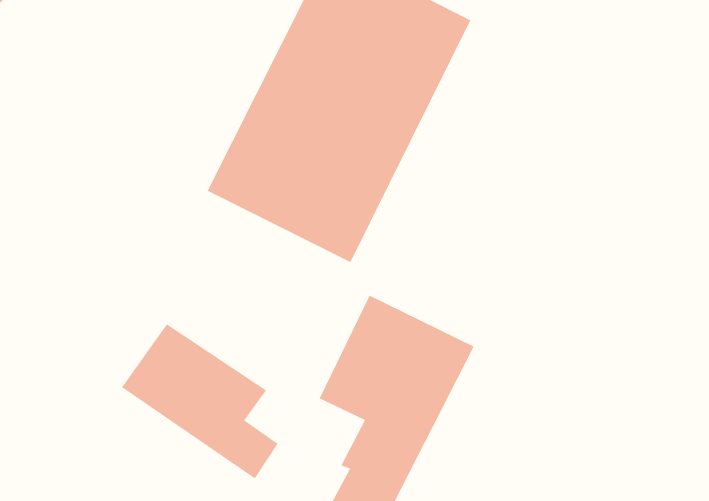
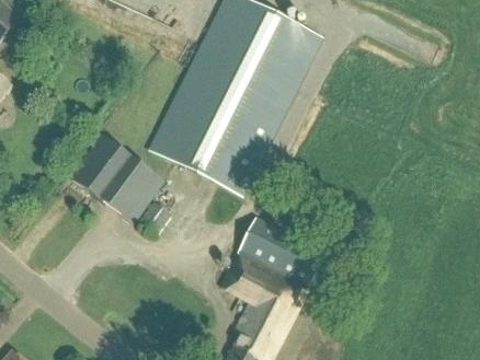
building: [121,323,279,479] -> [70,135,173,236]

